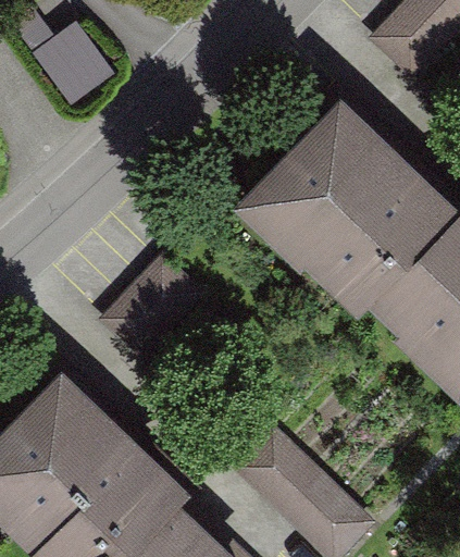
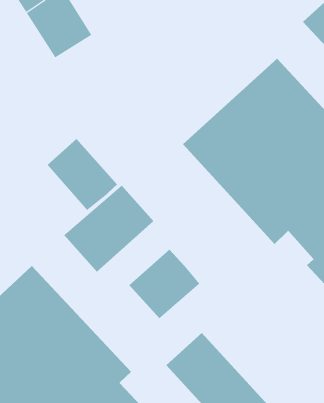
building: none -> [47,138,118,211]
building: none -> [129,249,200,319]

